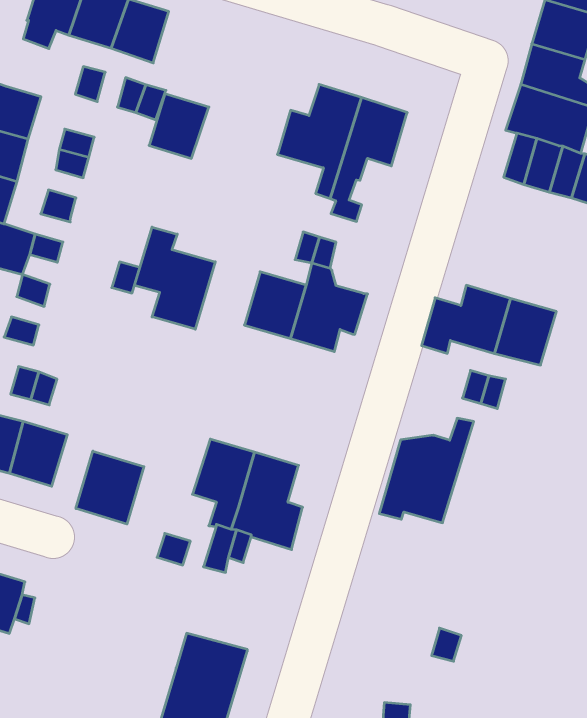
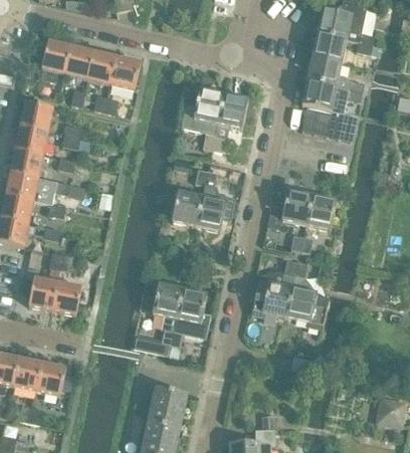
building: [149,94,209,158] -> [111,56,141,89]
building: [134,227,215,329] -> none
building: none -> [285,261,329,328]
building: [76,451,144,524] -> none

